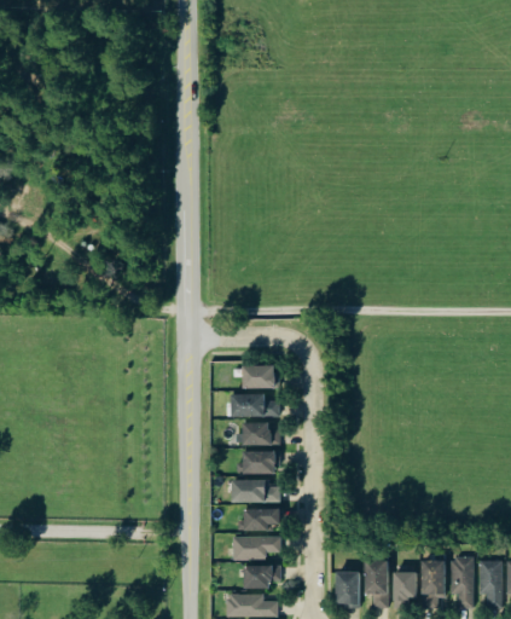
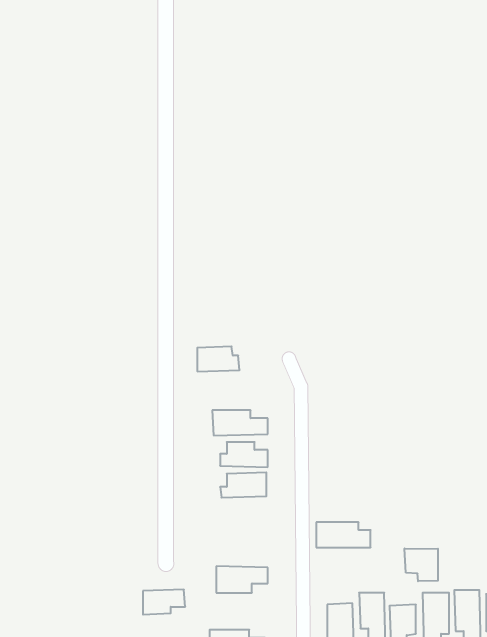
building: [242,364,280,387] -> [197,346,240,371]
building: [231,479,280,502] -> [316,522,371,547]
building: [243,508,278,530] -> none
building: none -> [405,548,438,581]
building: [243,565,281,588] -> [143,590,185,615]

